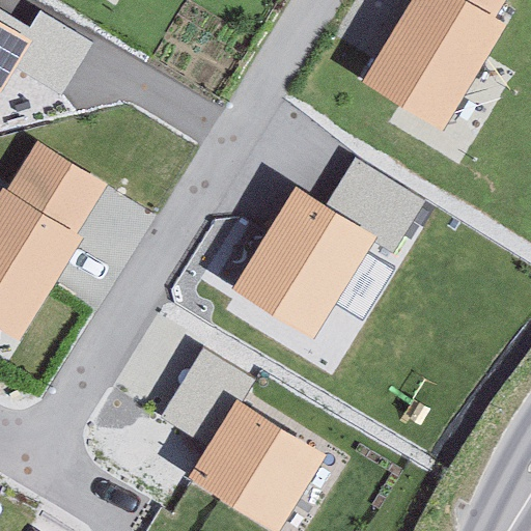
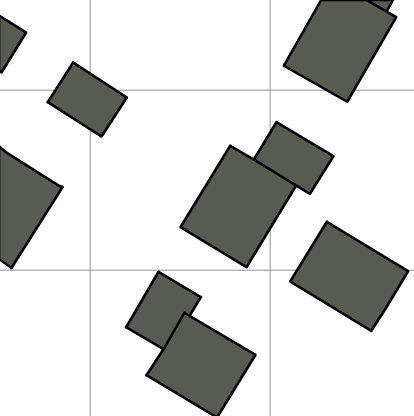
building: [6,142,107,236] -> [48,62,127,136]
building: none -> [290,222,408,331]

